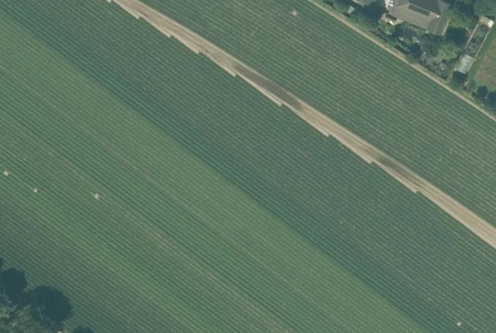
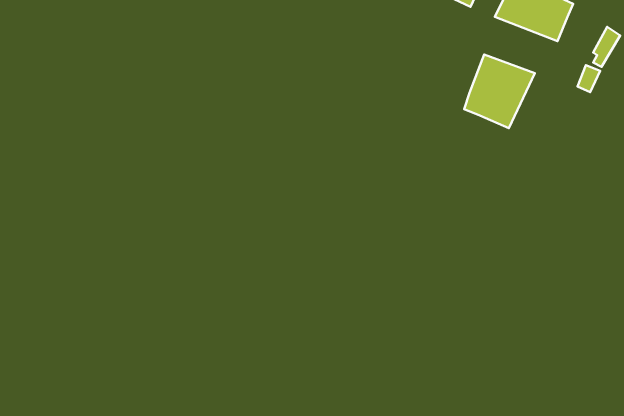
building: none -> [464,55,535,128]

